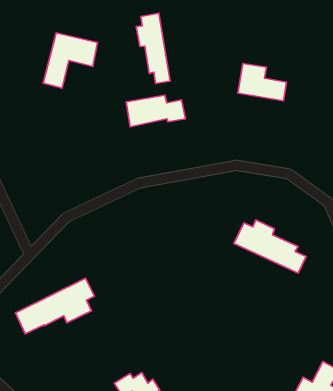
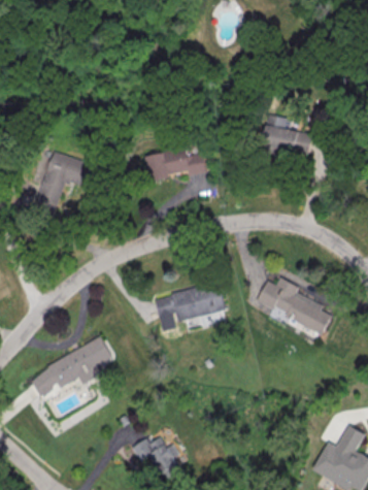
building: [136,13,170,84] -> none
building: [43,33,98,88] -> [36,153,93,210]
building: none -> [155,284,226,331]

